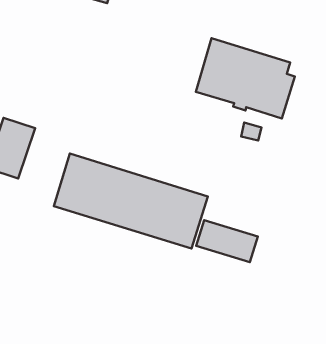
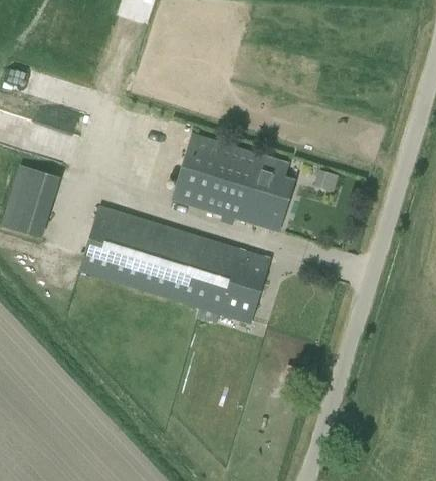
building: [196,38,295,119] -> [174,133,296,232]
building: [196,220,258,262] -> none

